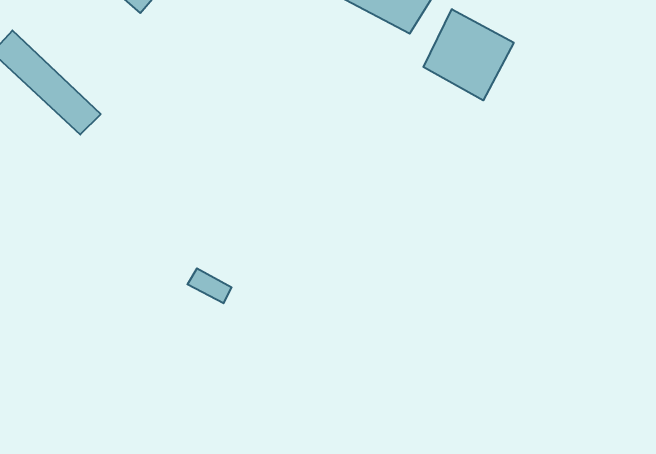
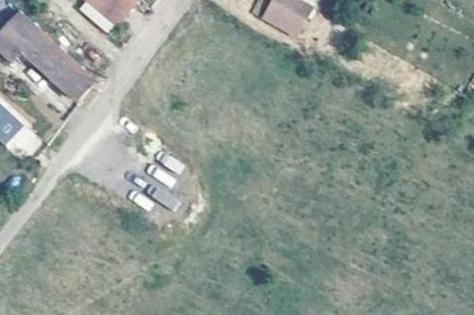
building: [423,9,514,100] -> none

